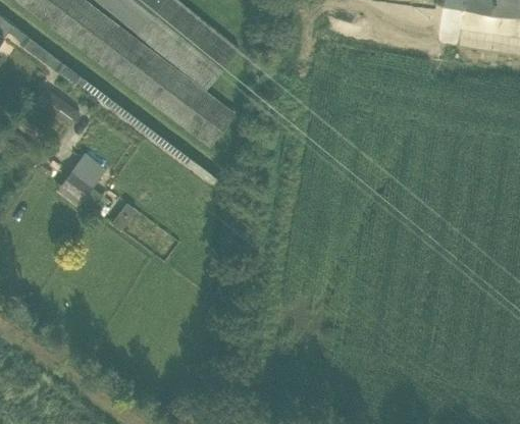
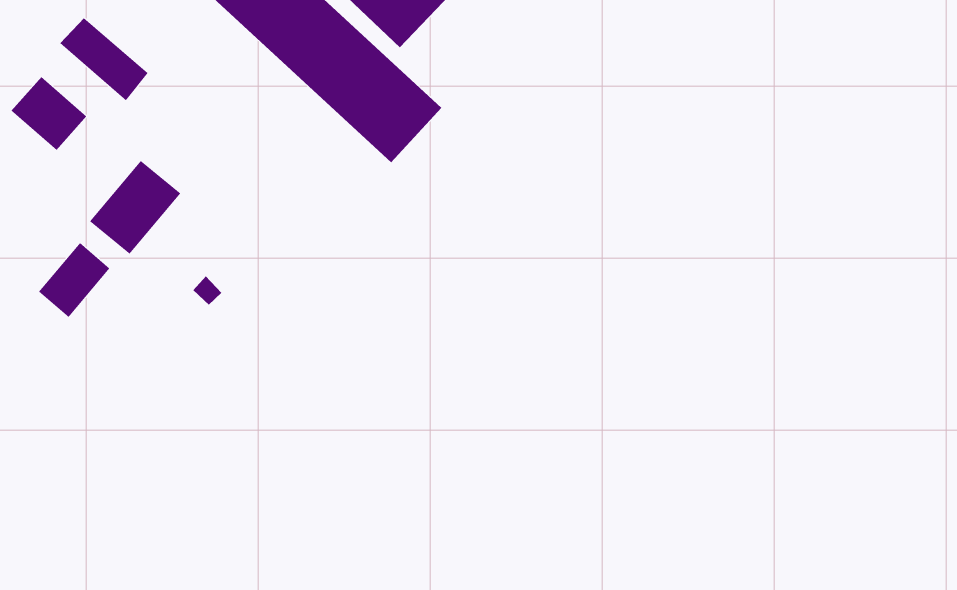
building: none -> [11,76,87,151]
building: none -> [38,242,110,318]

